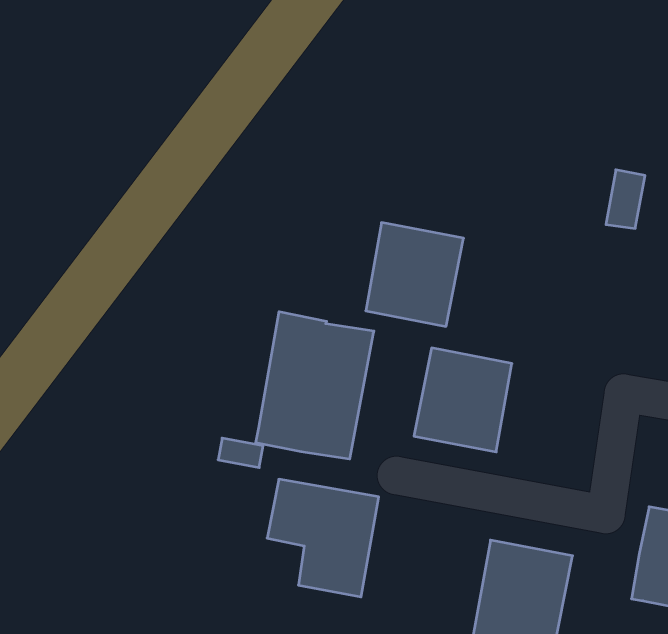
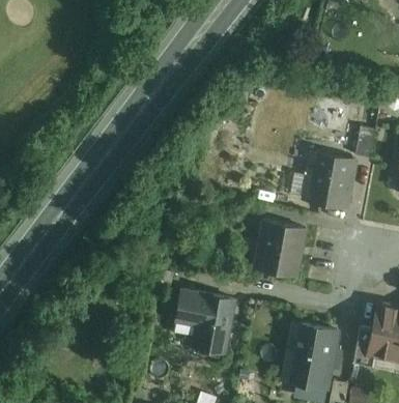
building: [366,223,464,326] -> [304,153,355,208]
building: [256,312,374,459] -> none
building: none -> [352,327,375,368]

